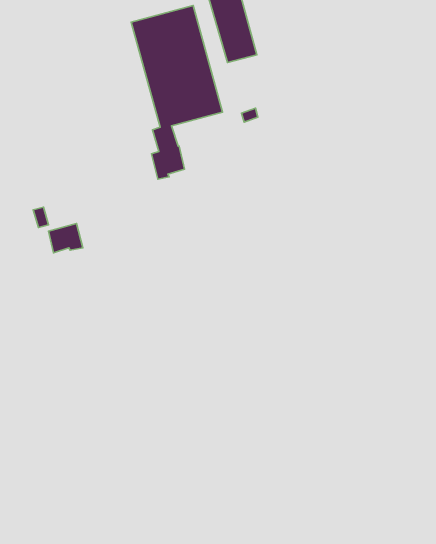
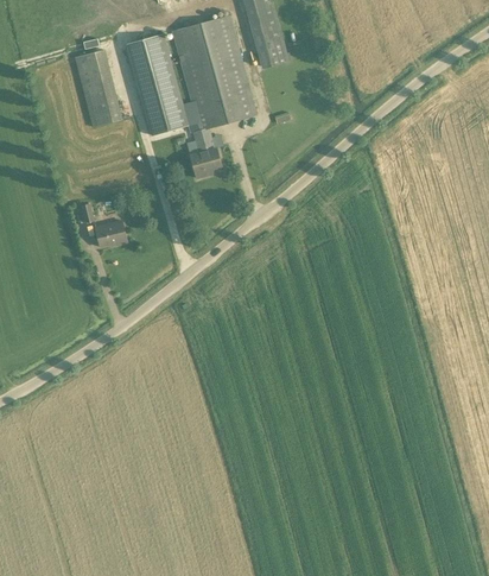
building: none -> [125,32,186,134]
building: none -> [74,48,120,126]

